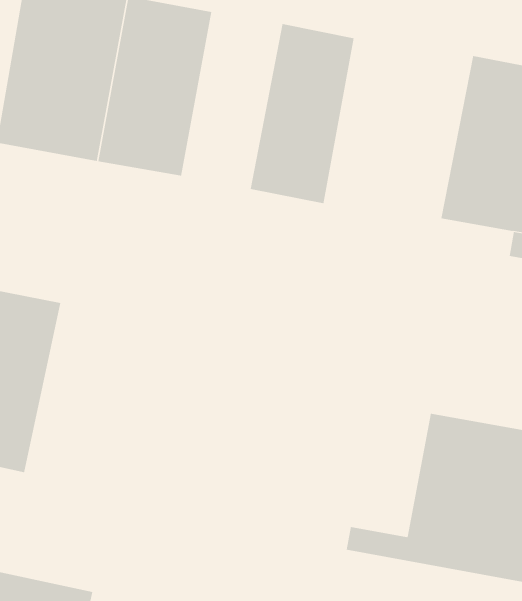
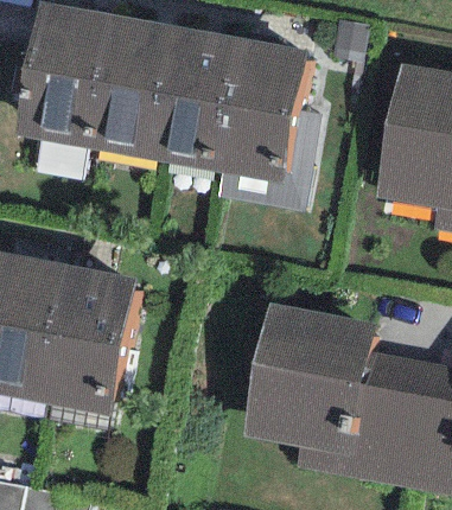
building: none -> [164,27,246,172]
building: none -> [36,264,136,419]
building: none -> [242,302,373,455]

